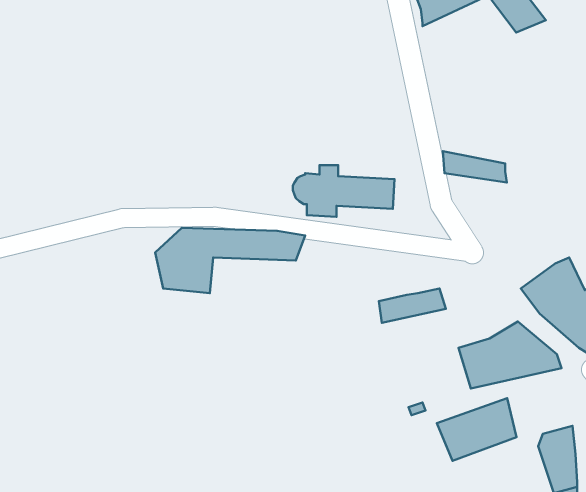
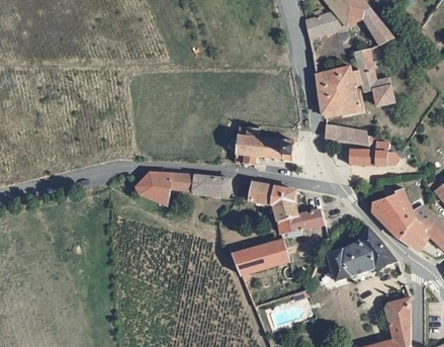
building: none -> [313,48,393,116]
building: none -> [353,145,397,164]
building: none -> [250,181,299,219]
building: [437,398,517,461] -> [238,236,289,276]

